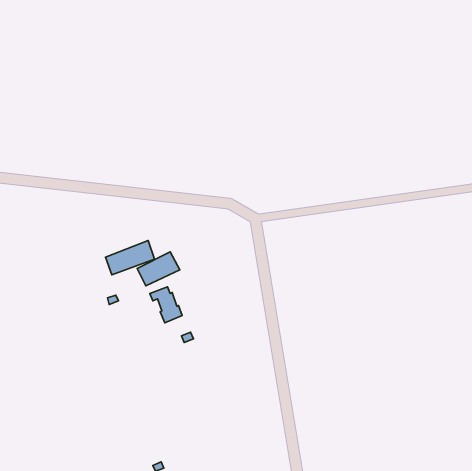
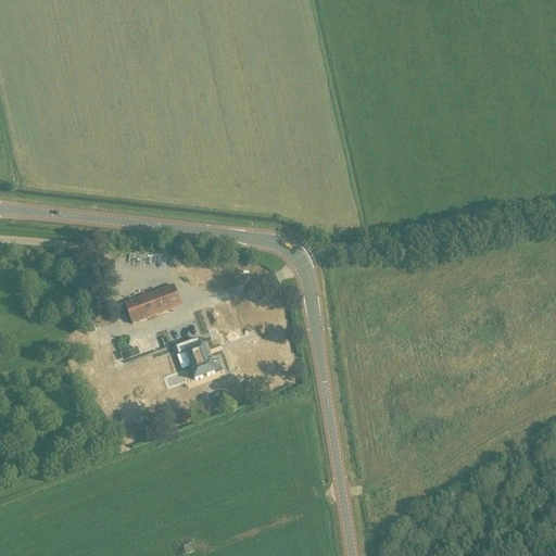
building: [137,252,180,286] -> none

